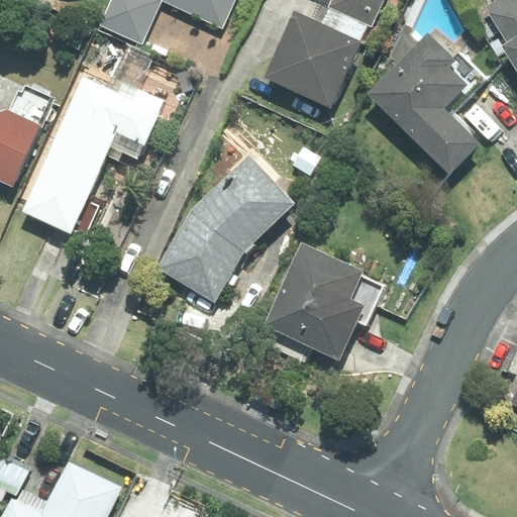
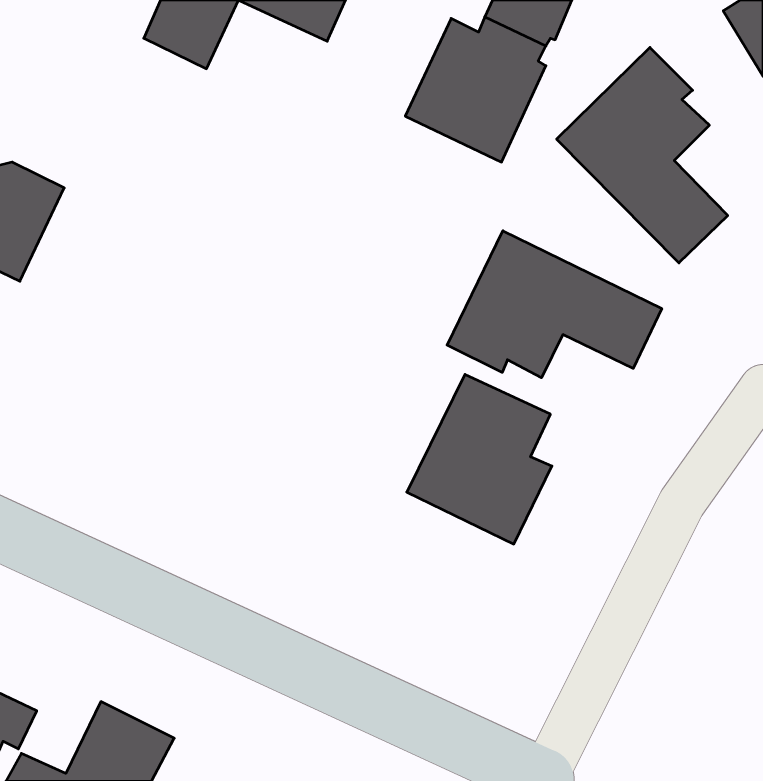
building: [23,80,159,234] -> none
building: none -> [447,231,662,378]
building: [159,159,294,300] -> none

